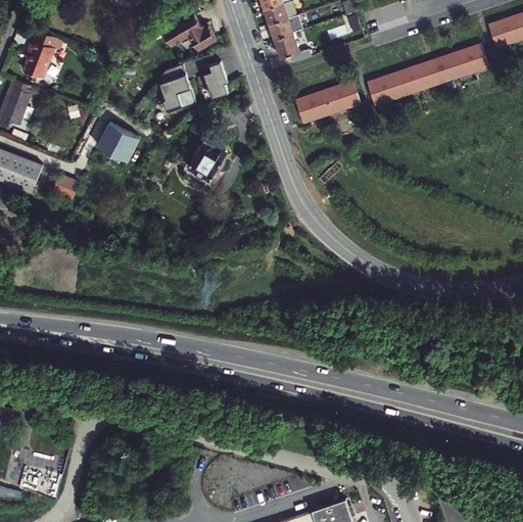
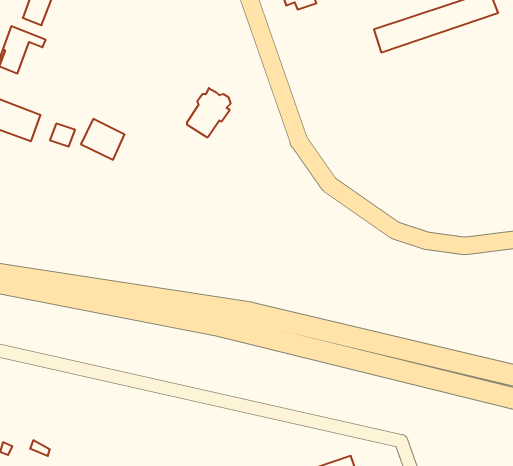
building: [201,60,228,98] -> none
building: [159,63,196,112] -> none
building: [295,82,360,123] -> none
building: [97,122,140,161] -> [81,119,125,160]

